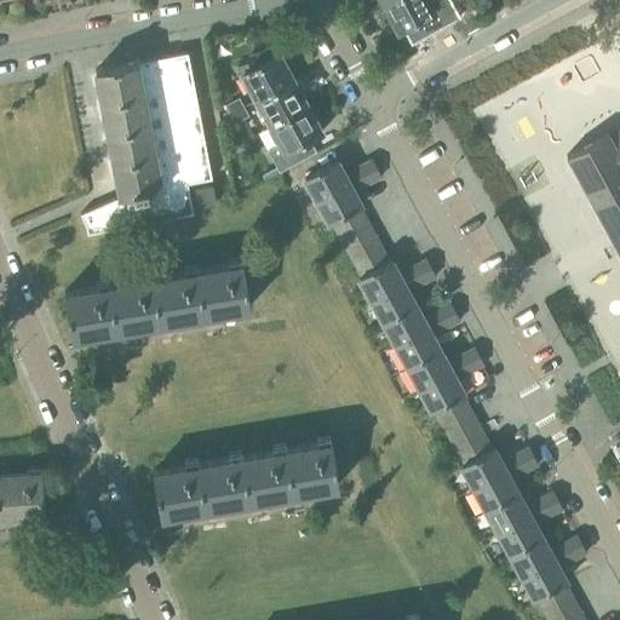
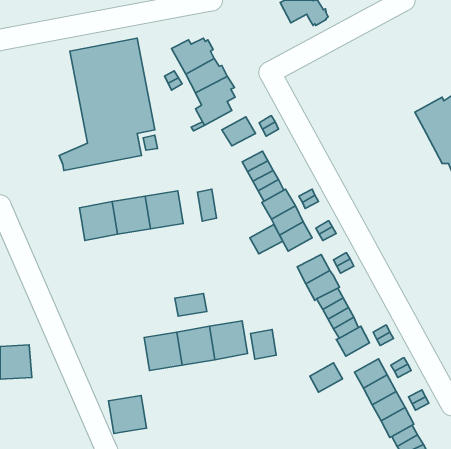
building: [318,186,363,226] -> none
building: none -> [197,189,217,221]
building: [65,288,117,340] -> none
building: [396,329,441,369] -> [250,225,283,254]
building: none -> [175,294,207,316]
building: none -> [251,330,276,359]
building: [154,466,206,518] -> [108,396,146,434]
building: [475,473,519,513] -> [310,363,342,392]

